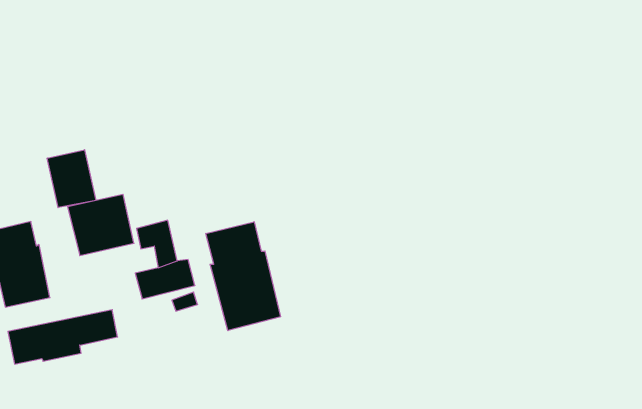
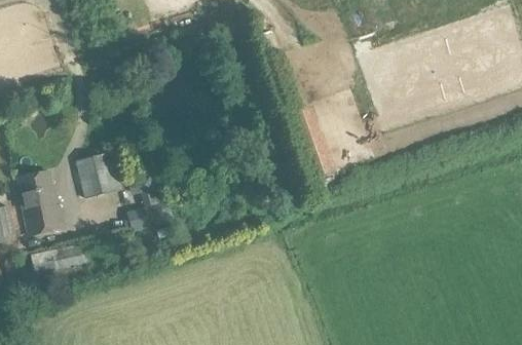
building: [47,150,96,208] -> none
building: [206,222,281,331] -> none

